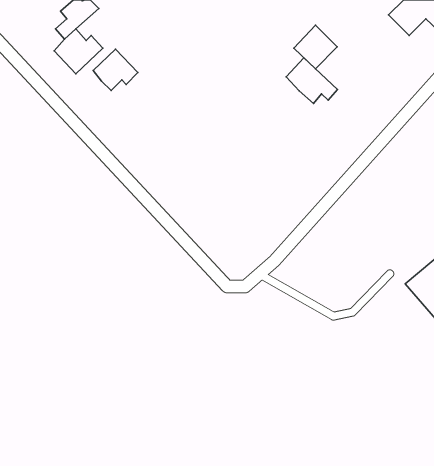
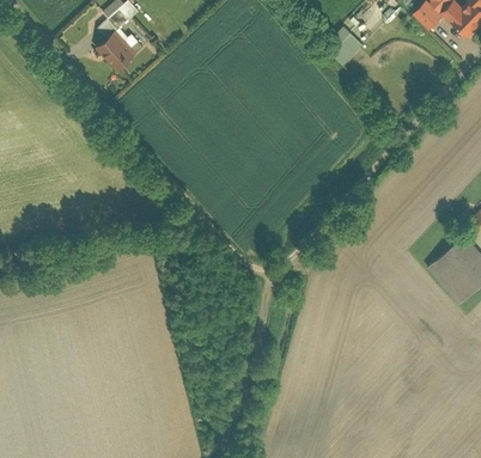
building: [93,49,138,91] -> none
building: [286,58,337,104] -> none

